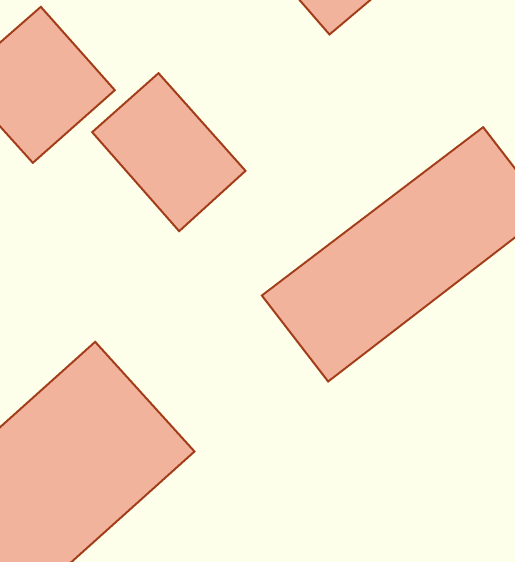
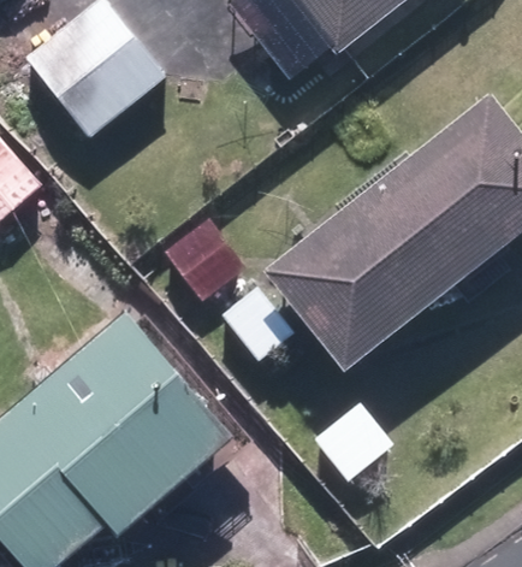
building: [92,73,245,231] -> none

